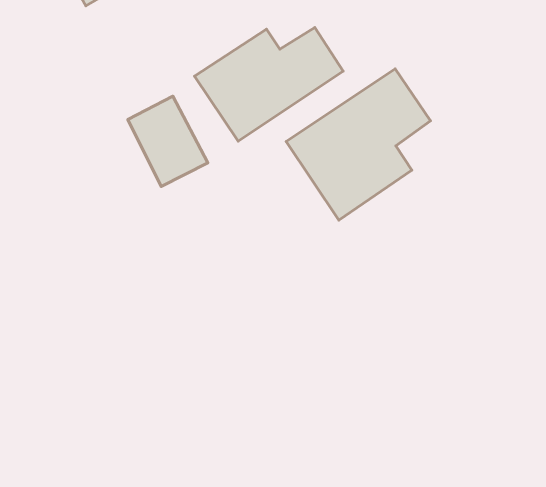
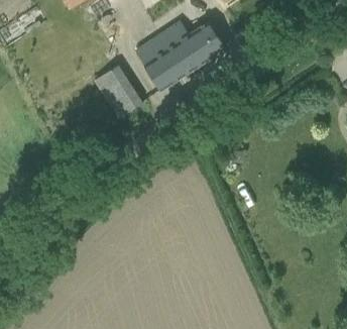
building: [286,69,430,220] -> none

